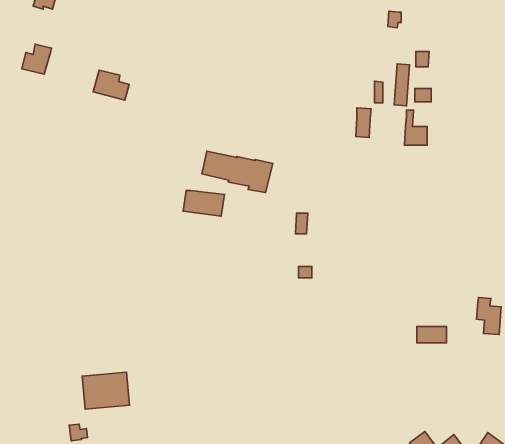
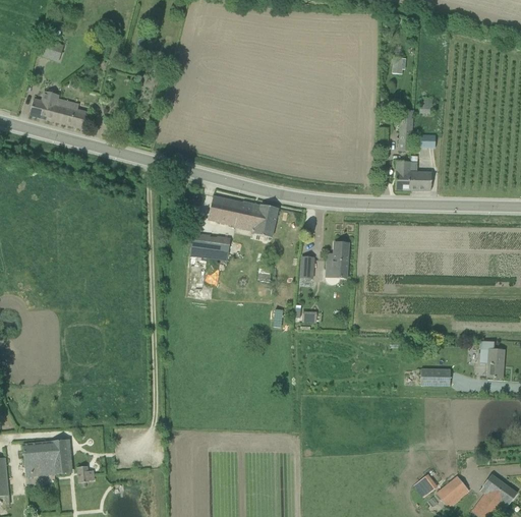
building: [93,70,129,100] -> [52,98,88,127]
building: [356,108,371,138] -> [395,160,410,189]
building: none -> [332,241,348,278]
building: [82,372,129,409] -> [22,439,69,475]

